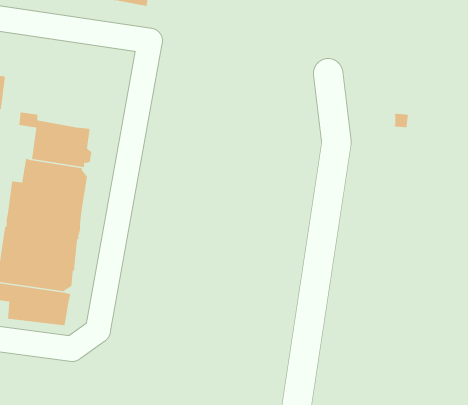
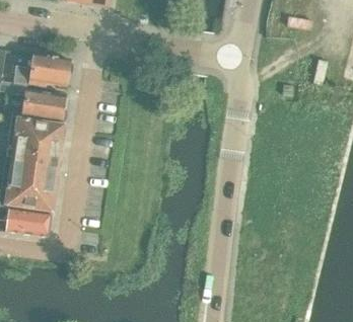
building: none -> [15,54,73,86]

